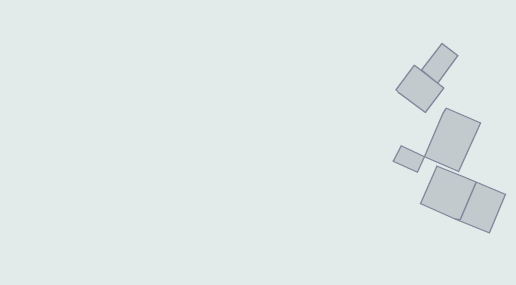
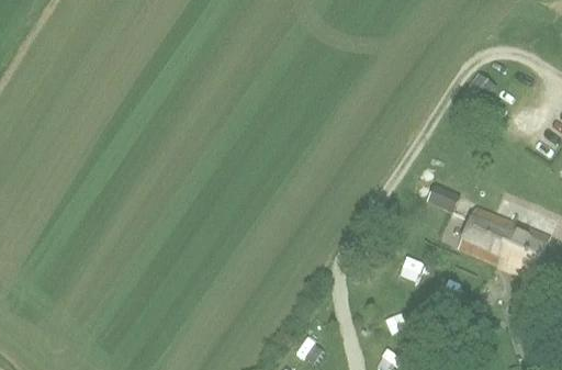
building: [396,65,444,112] -> none
building: [425,108,480,172] -> none

